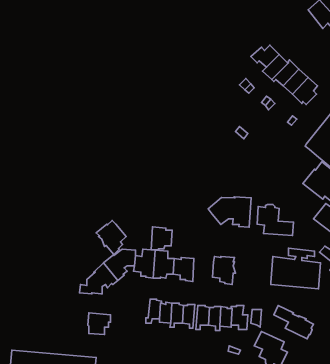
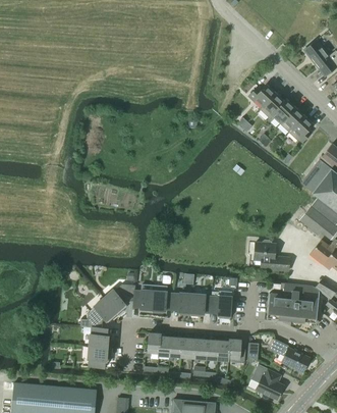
building: [208,197,251,227] -> none
building: [96,220,126,254] -> none
building: [151,227,172,250] -> [191,293,212,315]
building: none -> [90,326,112,348]

